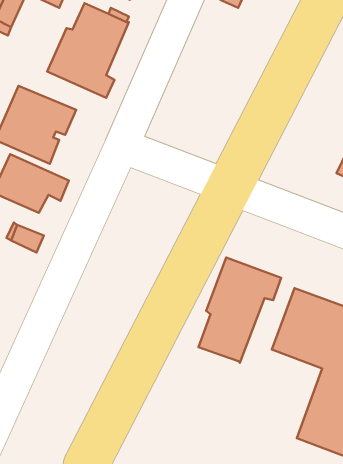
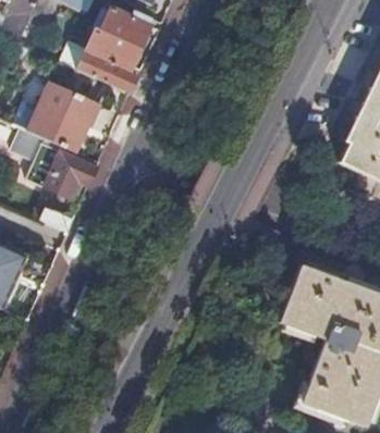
building: [199,257,281,363] -> none

